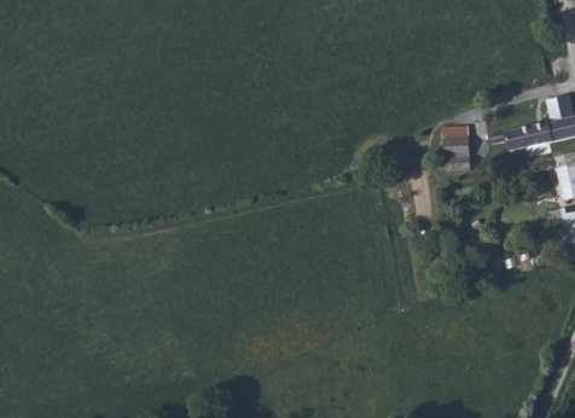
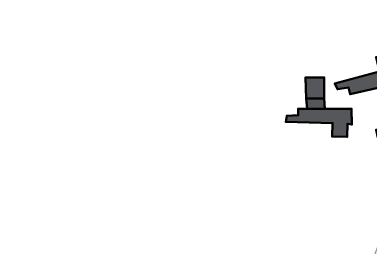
building: none -> [286,109,352,137]

